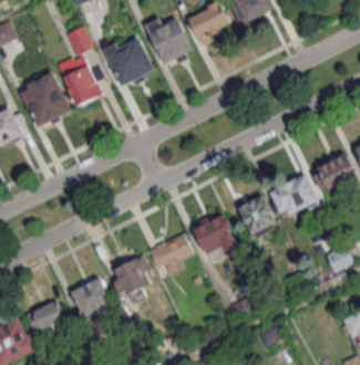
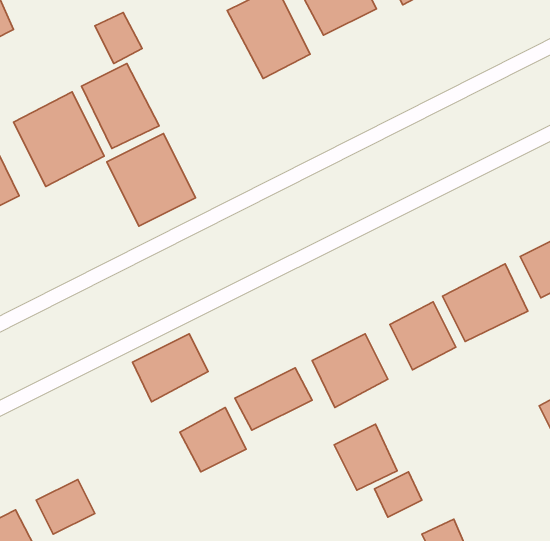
building: [101,33,153,87] -> [107,133,196,226]
building: none -> [334,424,397,490]
building: [69,277,113,316] -> [133,334,208,402]

